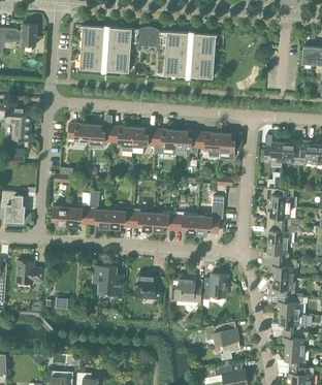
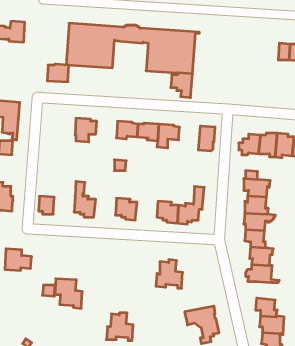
building: [68,124,91,142] -> [47,64,69,82]
building: [111,127,134,152] -> none
building: [198,132,221,158] -> [171,73,193,98]
building: [67,204,90,226] -> none
building: [109,206,133,229] -> none
building: [153,211,176,232] -> none
building: [94,266,123,297] -> [55,279,82,308]
building: [135,270,163,299] -> [106,313,133,341]
building: [203,275,228,300] -> none
building: [278,295,302,315] -> none

